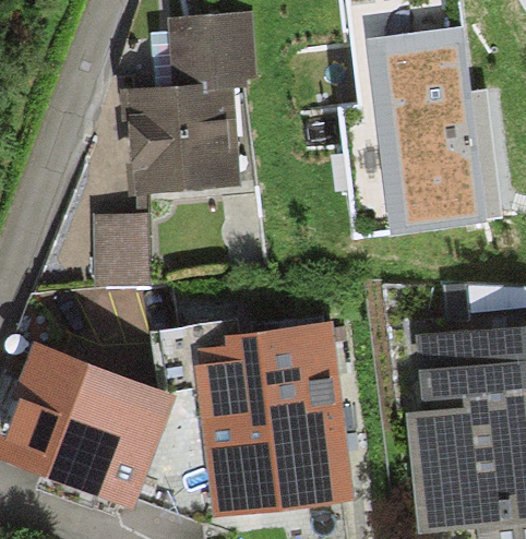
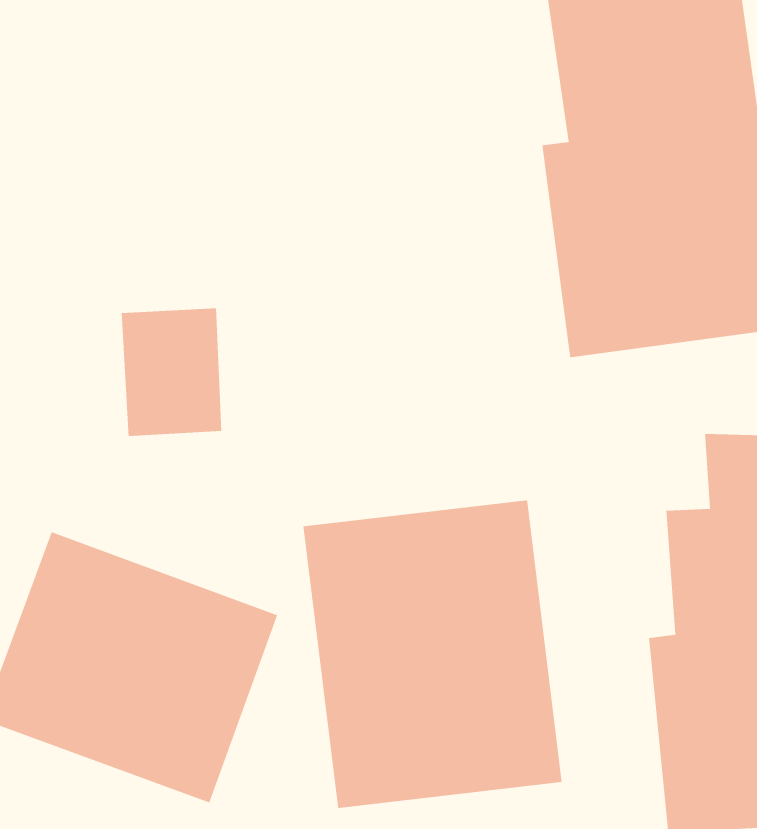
building: [122,16,254,193] -> none

